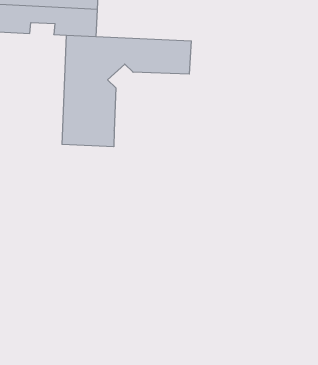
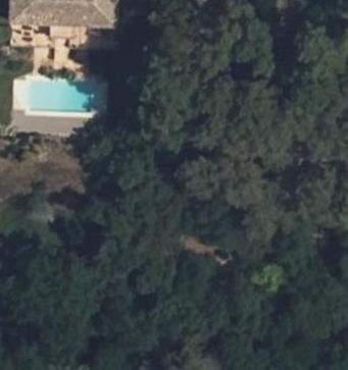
building: [62,35,191,147] -> none

